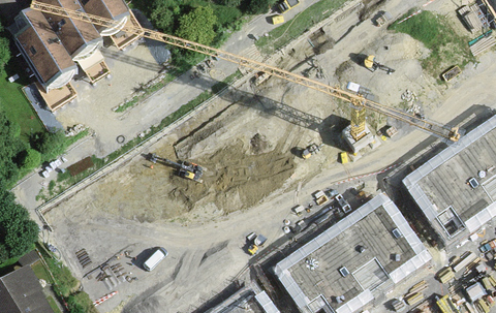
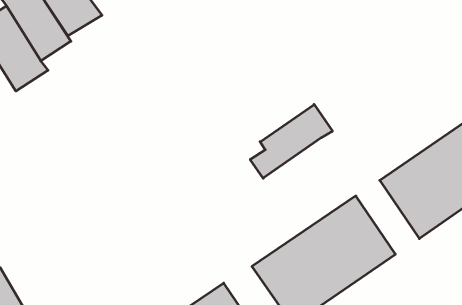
building: none -> [250,104,332,178]

